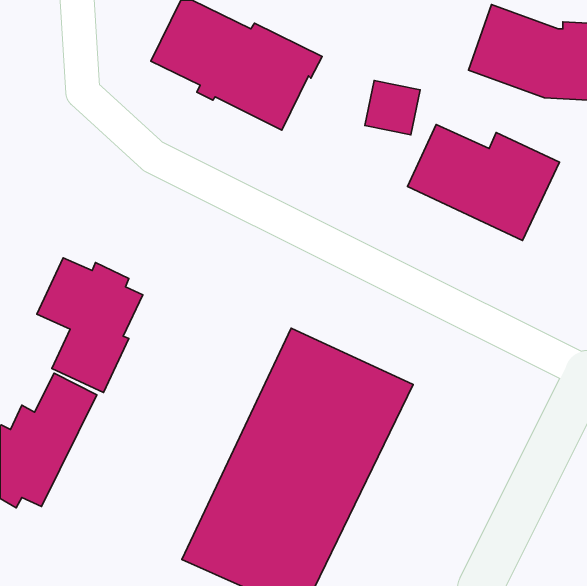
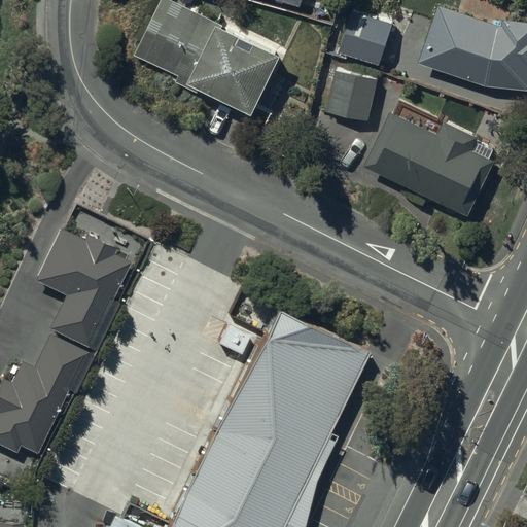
building: none -> [342,11,402,68]

